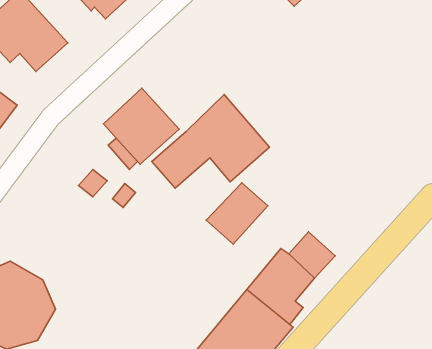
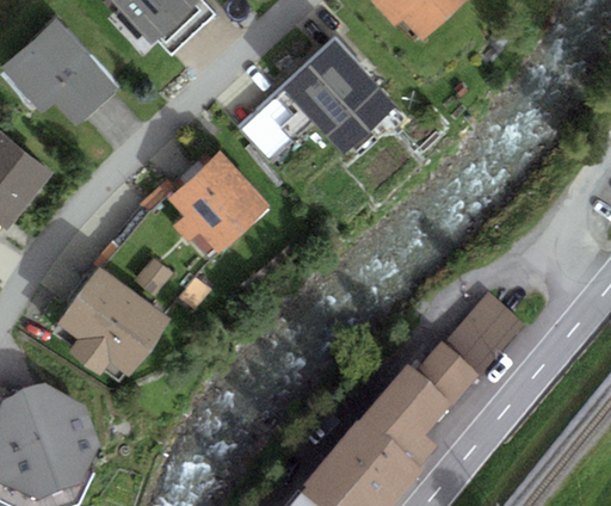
building: [152,95,269,188] -> [236,37,394,162]
building: none -> [56,266,169,375]
building: [206,183,268,244] -> [442,292,524,375]

